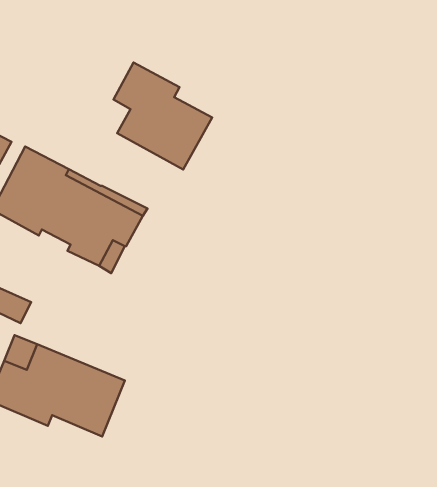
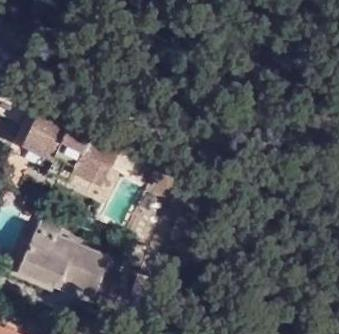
building: [113,62,212,170] -> none

